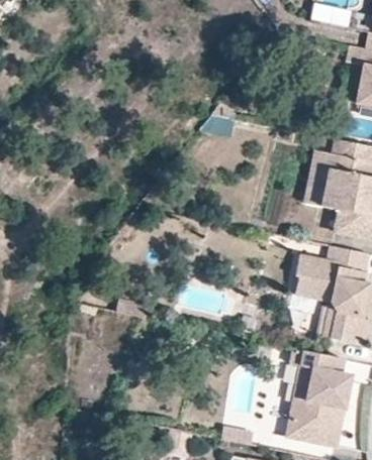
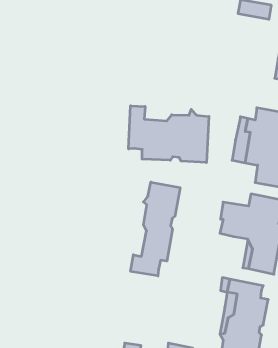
building: none -> [129,106,209,163]
building: none -> [131,182,180,276]

